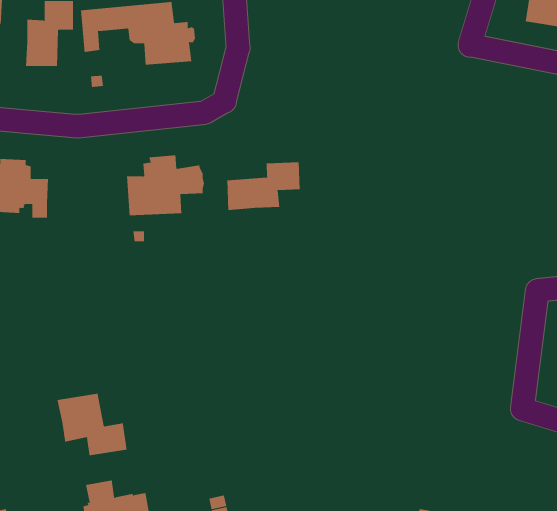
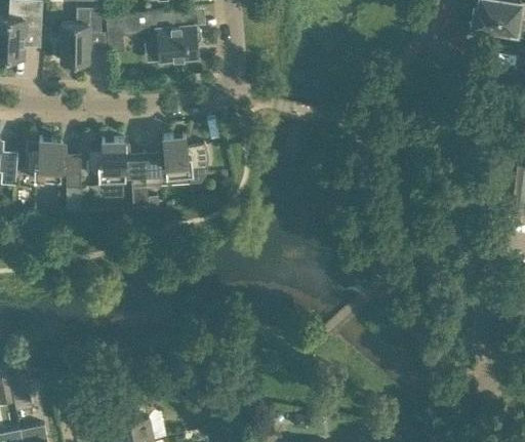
building: none -> [90,140,147,188]
building: [227,161,300,211] -> none
building: [57,393,127,456] -> none

